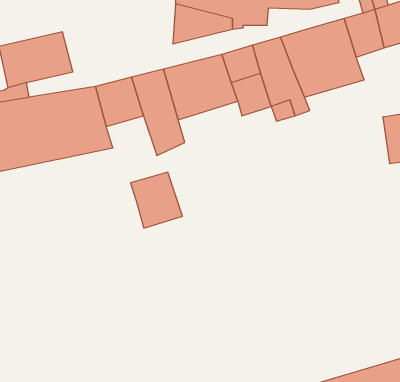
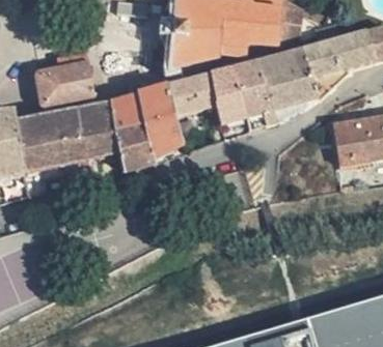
building: [131,172,182,228] -> [116,123,157,167]

